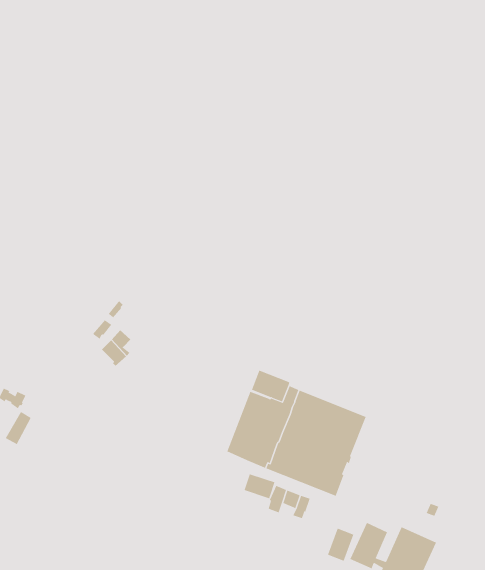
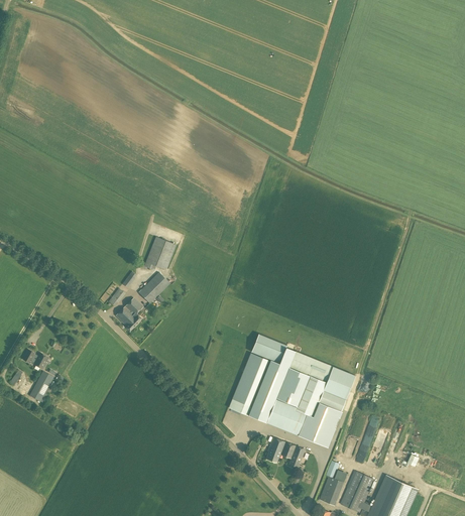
building: none -> [143,237,176,270]
building: none -> [137,272,169,303]
building: [244,473,275,499] -> none

